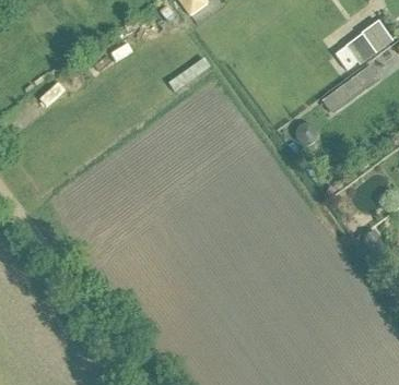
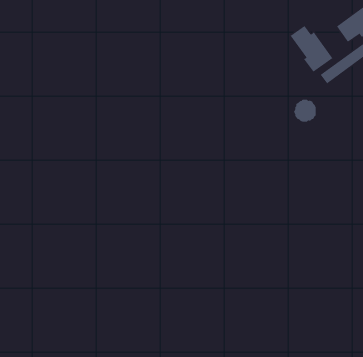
building: none -> [290,25,333,73]

